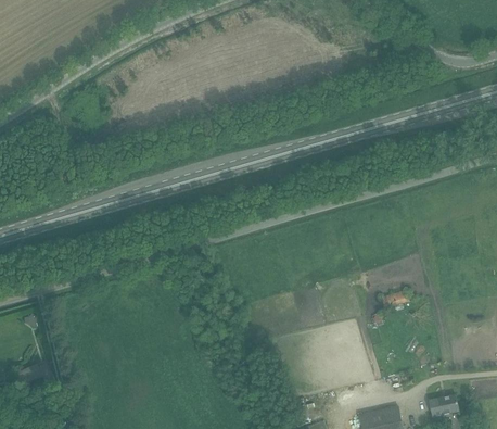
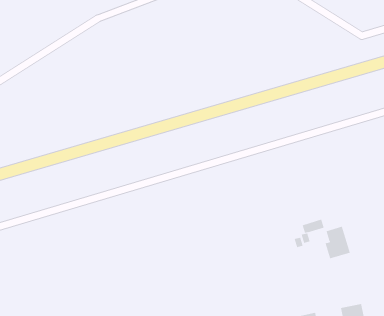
building: none -> [325,226,350,259]

